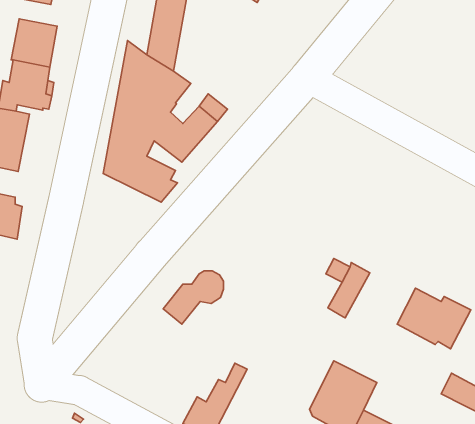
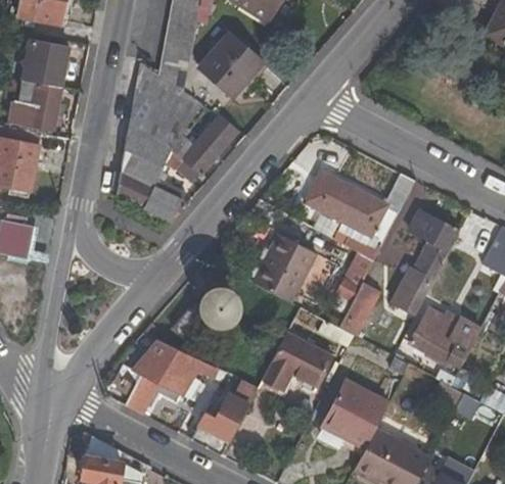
building: none -> [197,32,263,97]
building: none -> [303,171,415,242]
building: none -> [392,208,460,314]
building: none -> [252,233,319,303]
building: none -> [262,333,332,391]
building: none -> [125,340,216,416]

